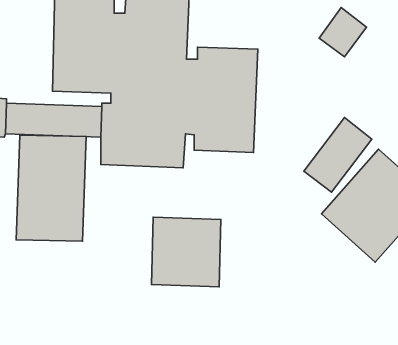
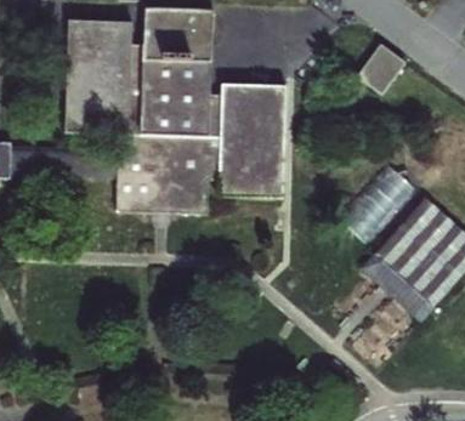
building: [16,135,86,241] -> none
building: [151,217,221,287] -> none

